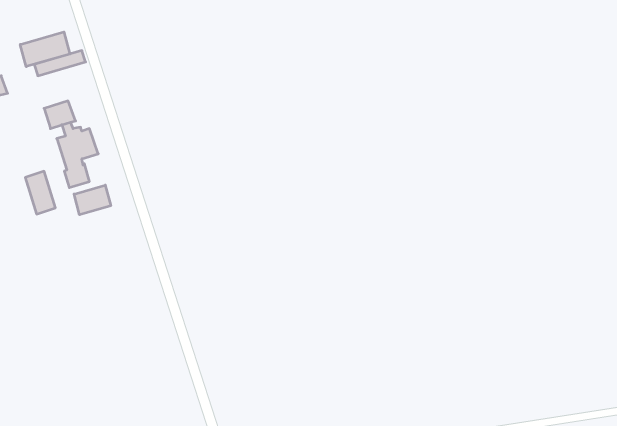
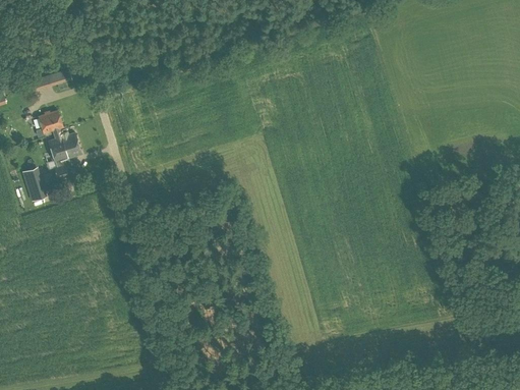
building: [20,32,70,67] -> none
building: [74,185,111,215] -> none

